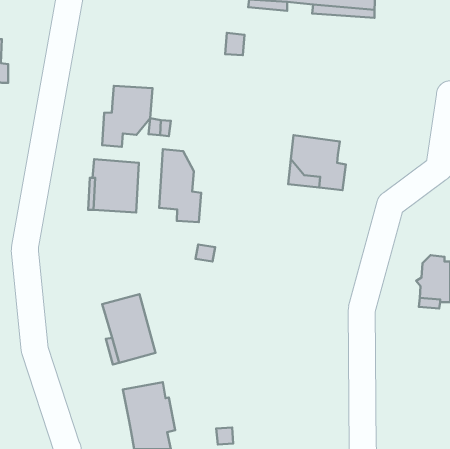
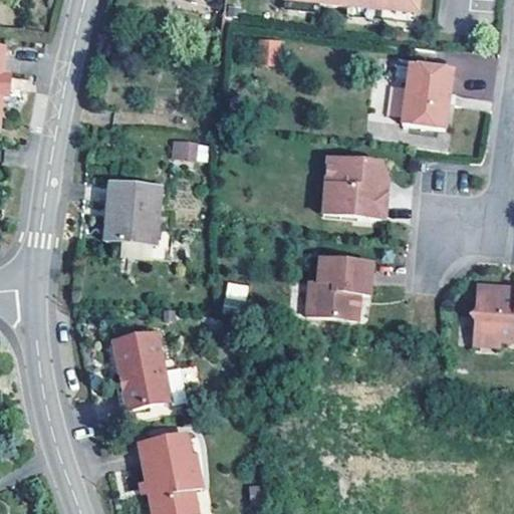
building: none -> [408,66,453,126]
building: [102,86,153,147] -> none
building: [159,149,201,222] -> none
building: none -> [306,253,373,315]

